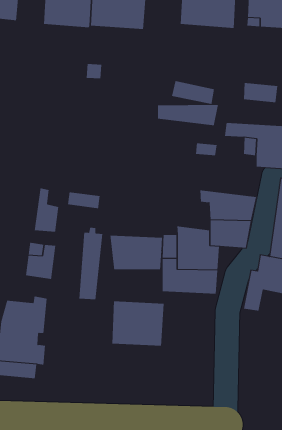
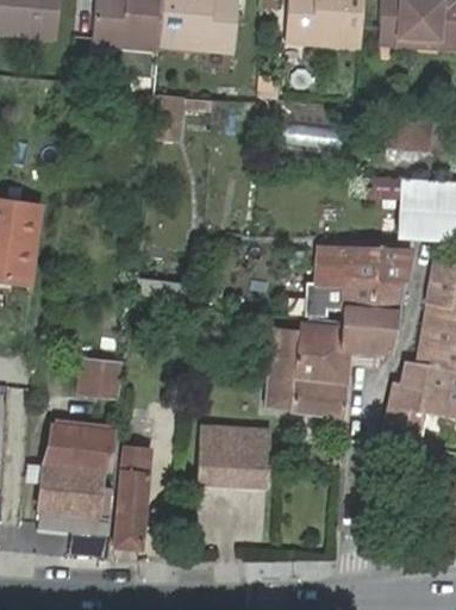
building: [157,104,219,126] -> [321,253,407,282]
building: [34,187,59,232] -> none
building: [78,227,103,300] -> [118,446,152,547]
building: [110,235,163,270] -> none

